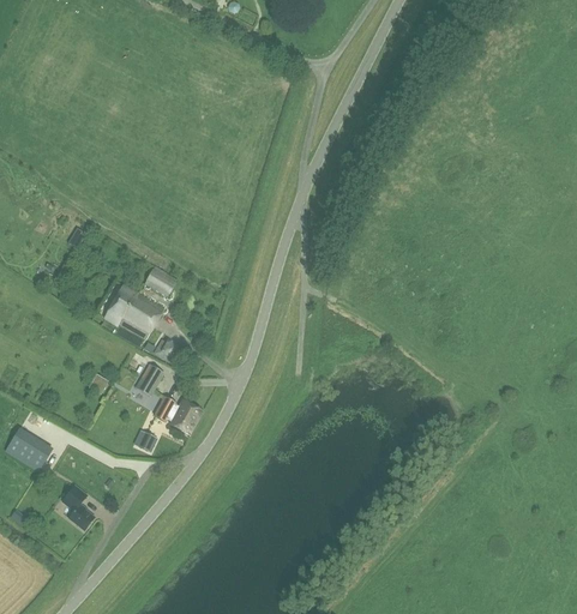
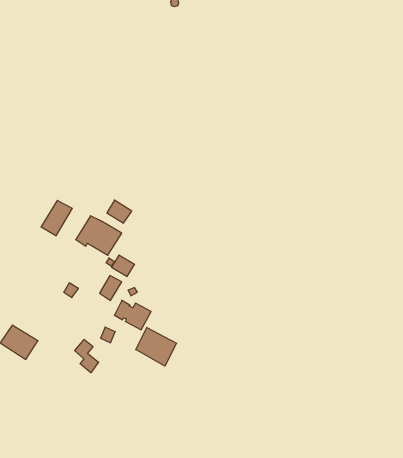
building: none -> [41,200,72,236]
building: none -> [136,327,177,366]
building: [61,484,92,528] -> [75,340,99,373]

